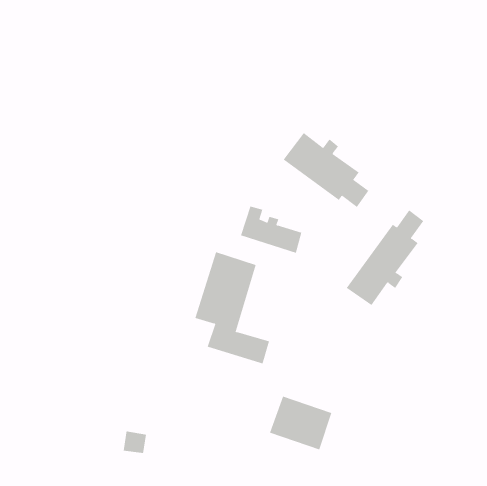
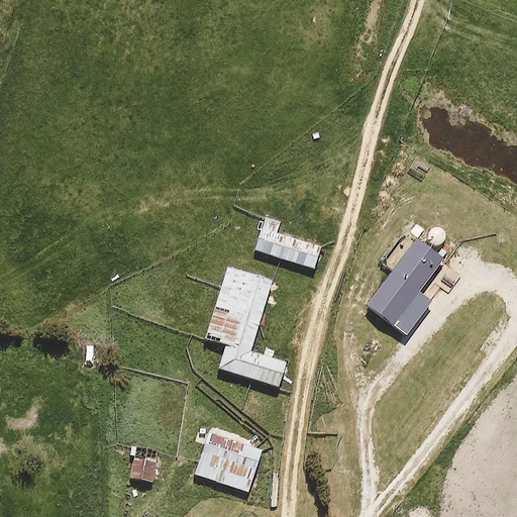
building: [283,132,369,208] -> none
building: [269,396,332,450] -> [195,434,262,492]

